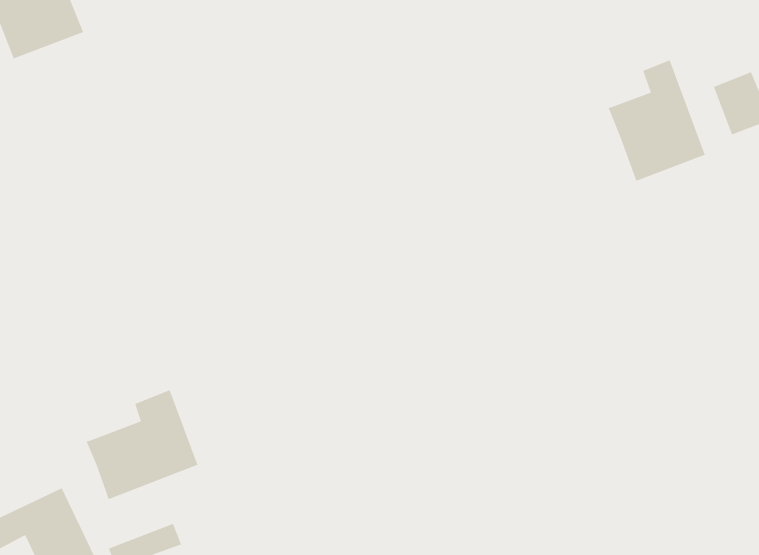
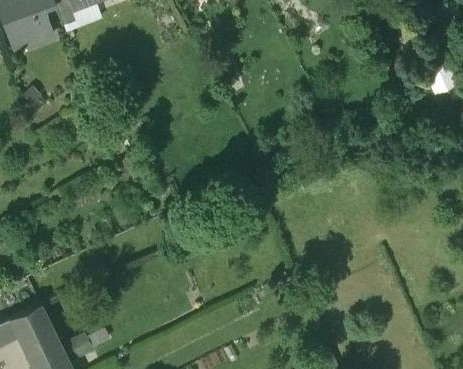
building: [608,59,706,182] -> none
building: [85,389,198,500] -> none

